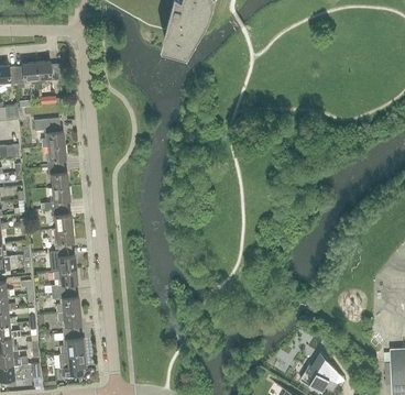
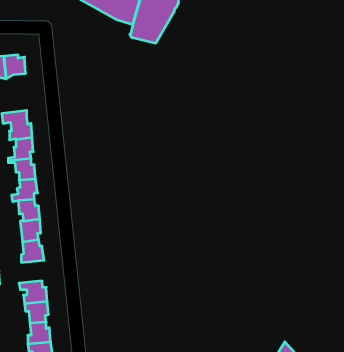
building: [51,270,78,293] -> none

